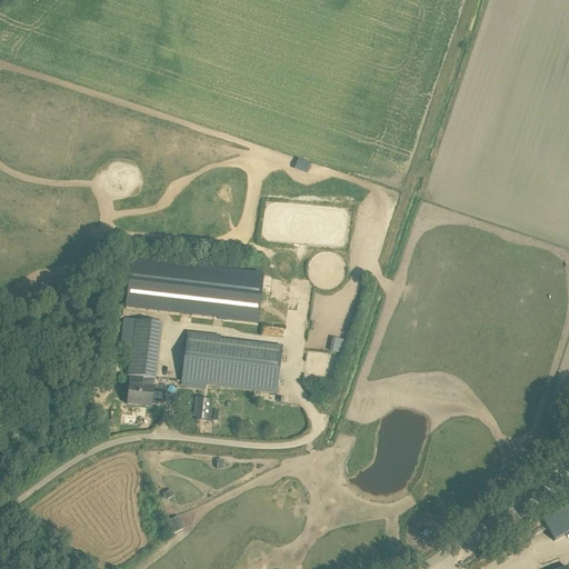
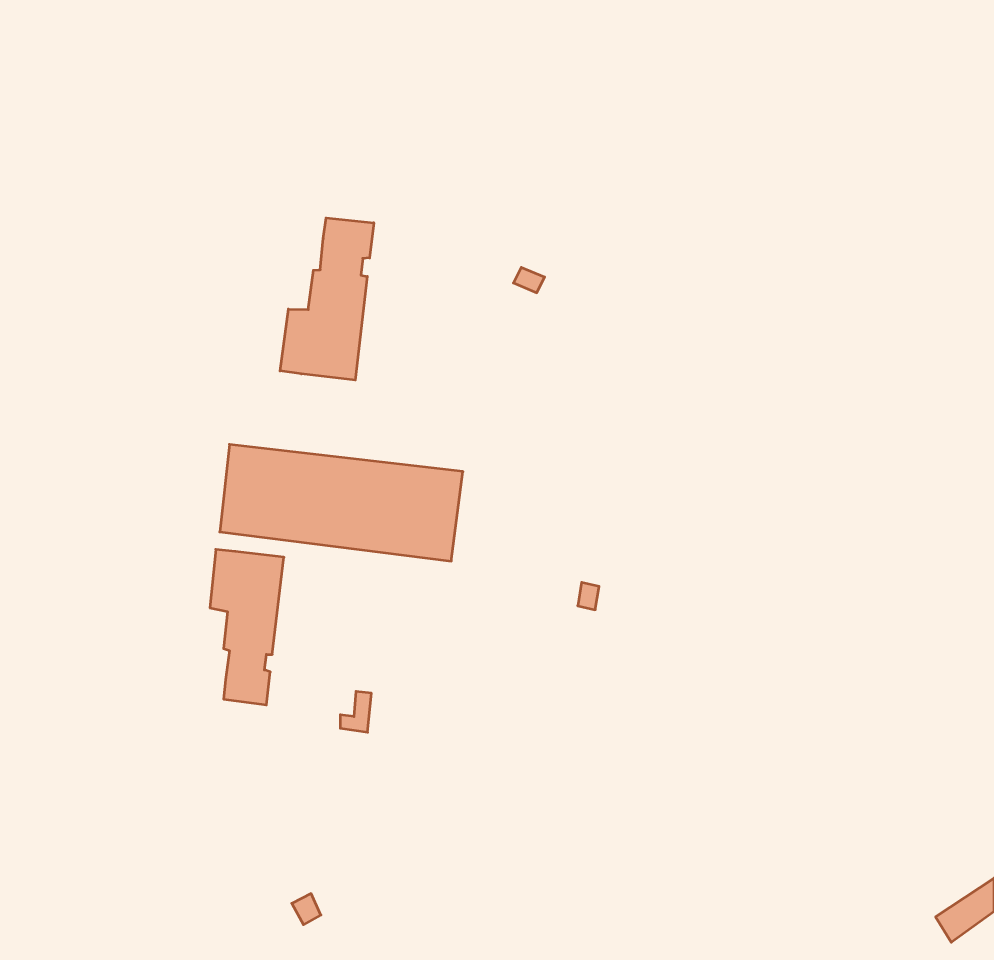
building: none -> [280,218,374,380]
building: [181,330,283,391] -> none

